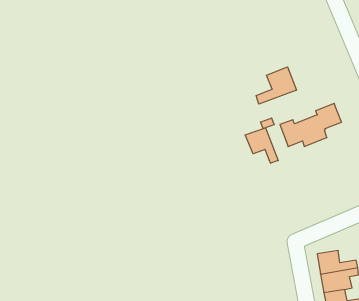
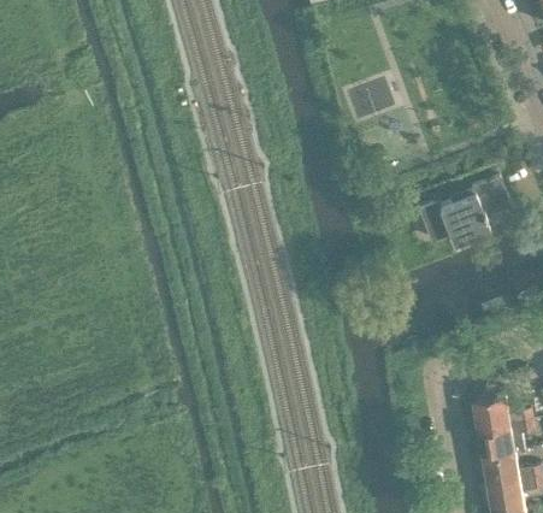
building: [256,67,296,104] -> none
building: [245,128,278,163] -> none

